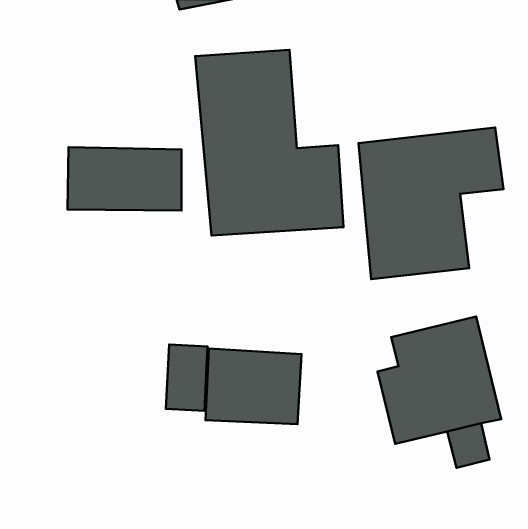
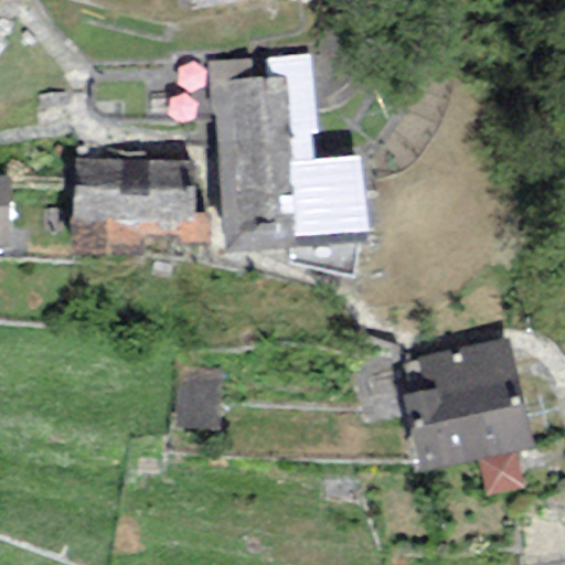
building: [358,128,503,279] -> none
building: [205,349,302,424] -> none

